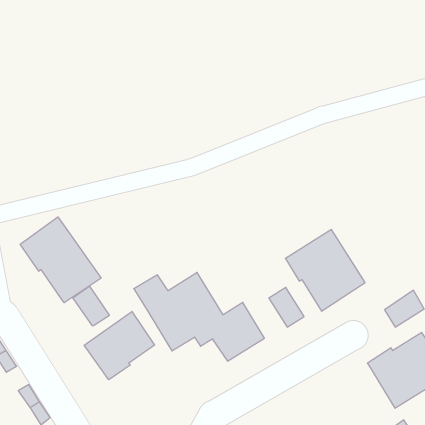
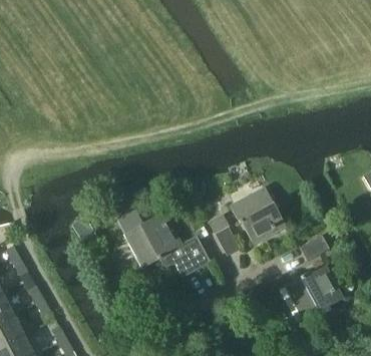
building: [20,217,101,303] -> none
building: [84,311,155,380] -> none

